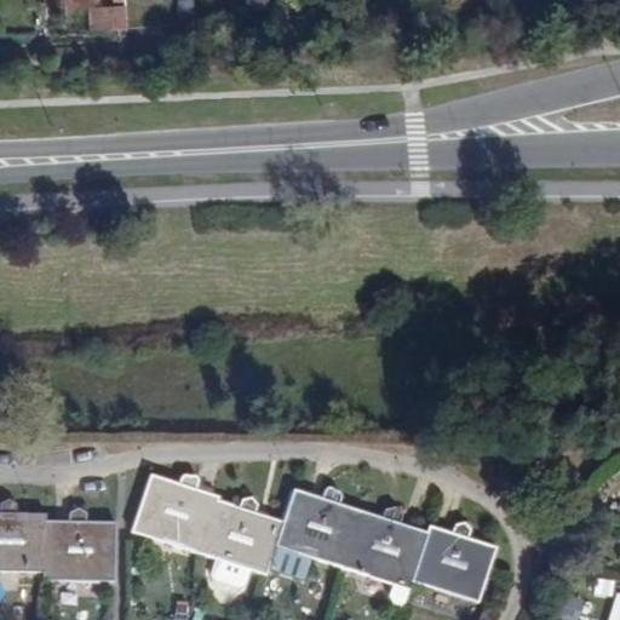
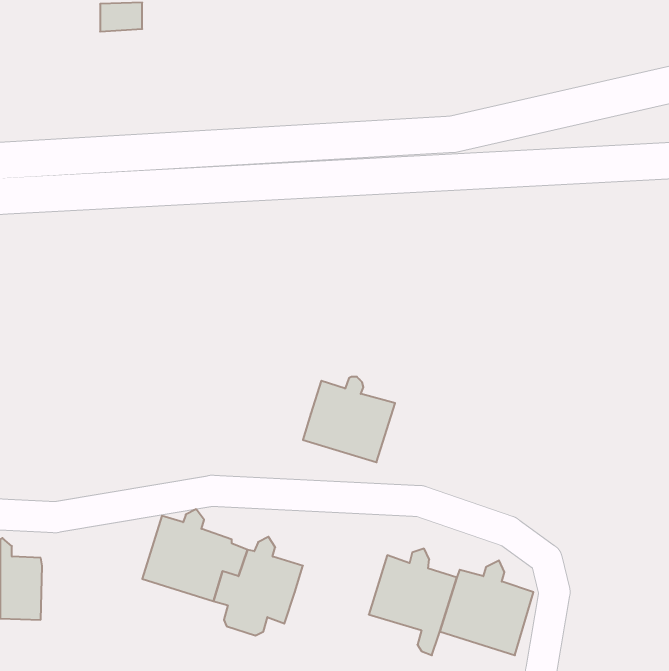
building: [275,487,360,566] -> [303,377,395,462]
building: [41,504,113,580] -> none

